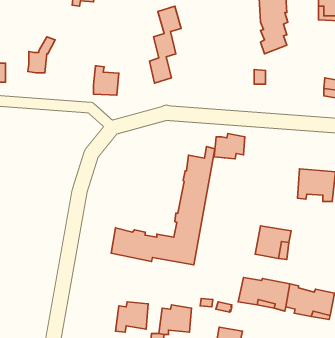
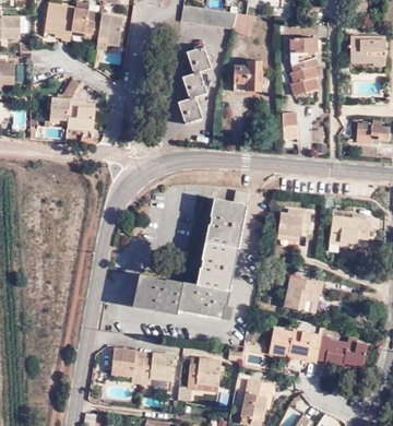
building: none -> [234,61,262,90]
building: [94,66,119,95] -> [69,96,95,127]
building: [214,134,245,159] -> [278,208,310,234]
building: none -> [111,347,145,383]

